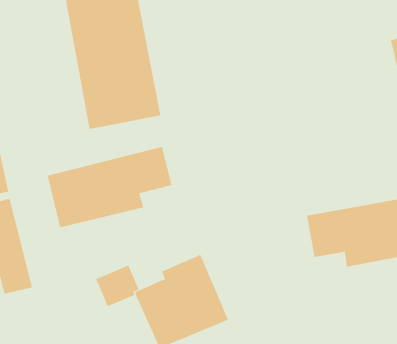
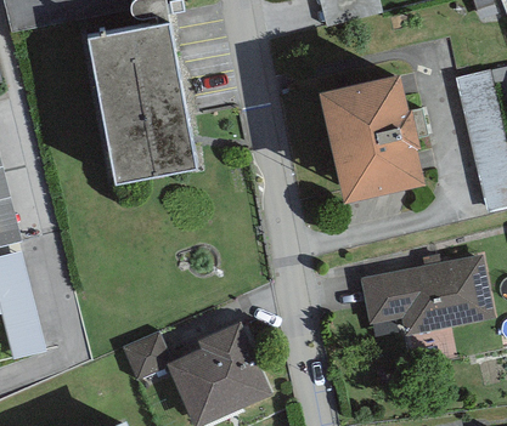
building: none -> [319,69,424,197]
building: [47,146,172,228] -> none

